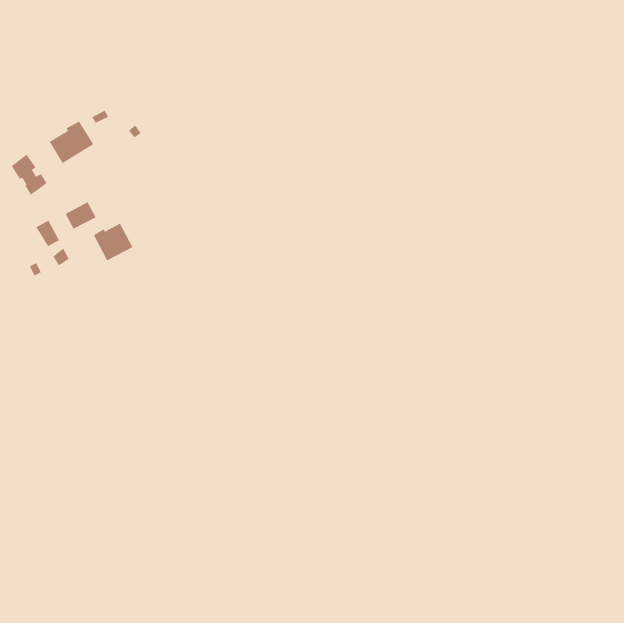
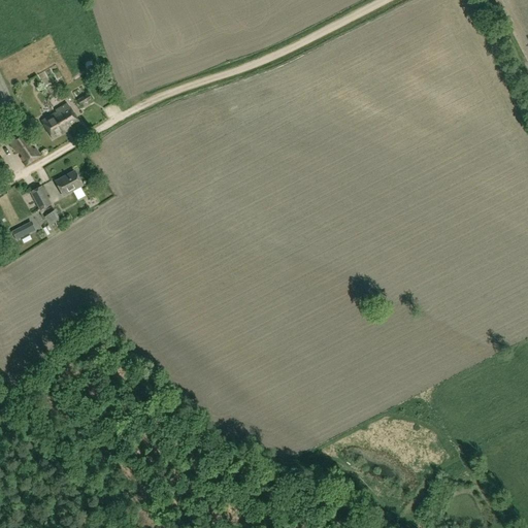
building: [93,223,133,261] -> none

